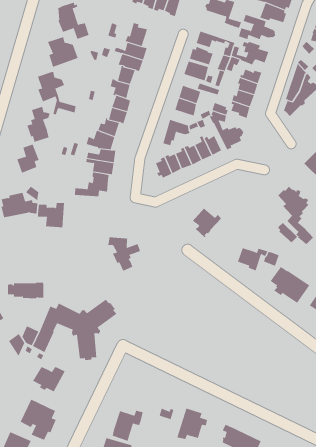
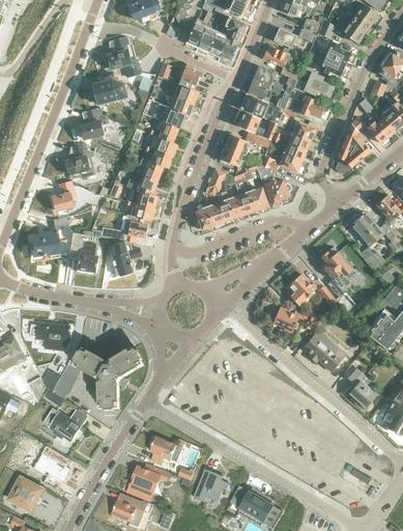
building: none -> [254,65,296,93]
building: [192,208,222,238] -> [287,274,318,305]
building: [107,237,141,272] -> [107,237,141,275]
building: none -> [149,437,184,464]

